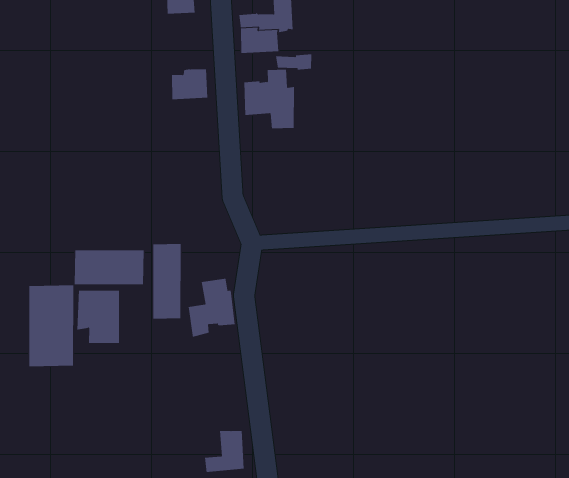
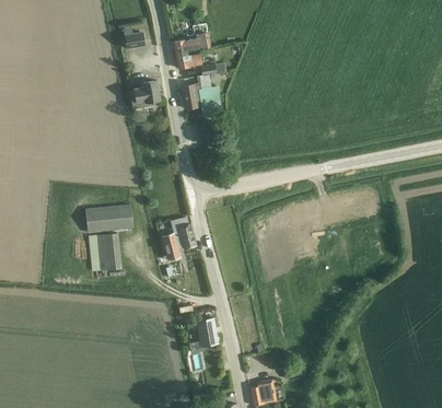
building: [153,243,181,319] -> none
building: [29,285,74,367] -> none

